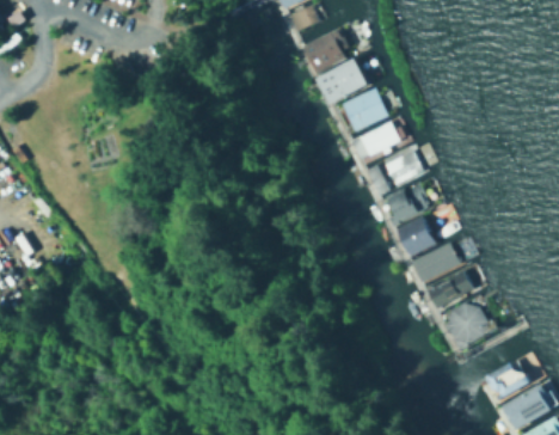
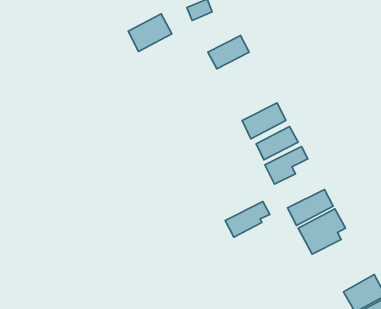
building: [302,22,362,73] -> [128,14,172,51]
building: [330,84,392,136] -> none
building: [349,118,405,164] -> none
building: [407,239,468,288] -> [225,201,270,237]
building: [481,355,538,404] -> none

